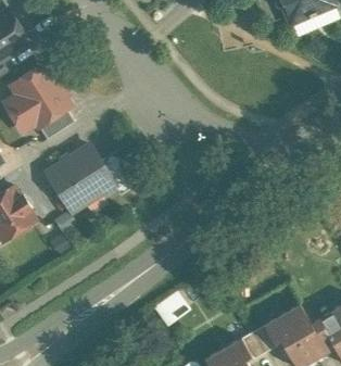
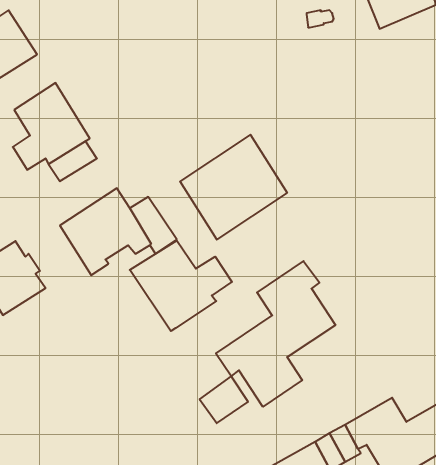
building: none -> [180,135,287,240]
building: none -> [130,240,232,331]
building: none -> [216,261,335,407]

